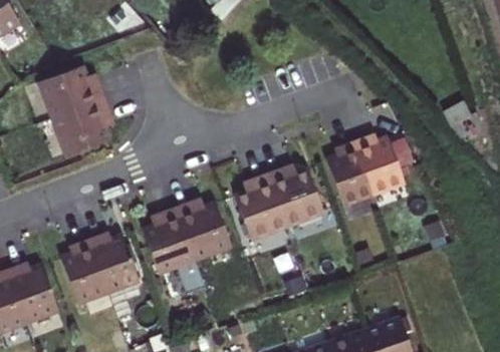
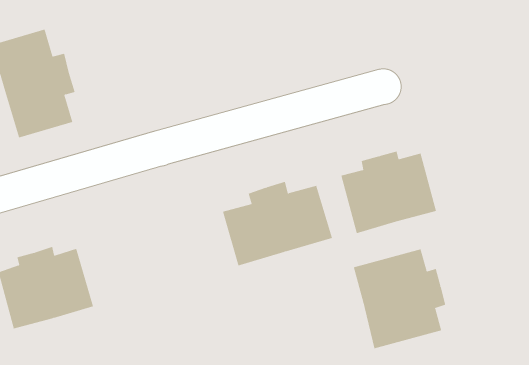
building: [142,202,231,293] -> none
building: none -> [353,248,446,349]

